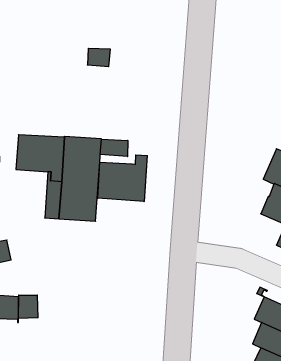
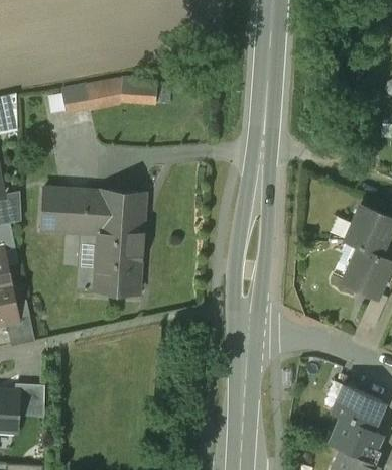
building: none -> [62,81,130,111]
building: [100,139,128,157] -> none
building: [98,155,147,202] -> none
building: [18,295,38,319] -> none

